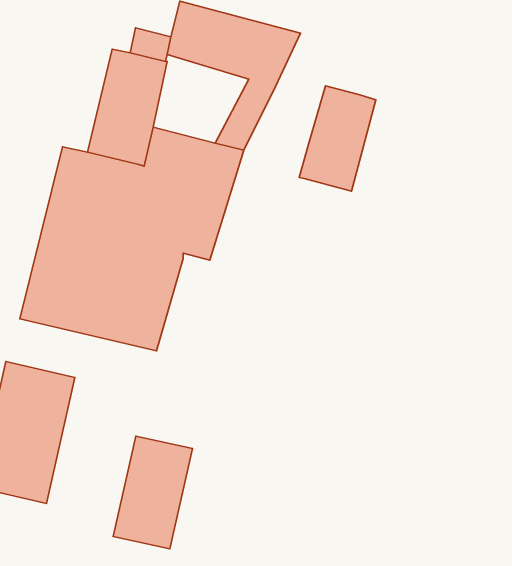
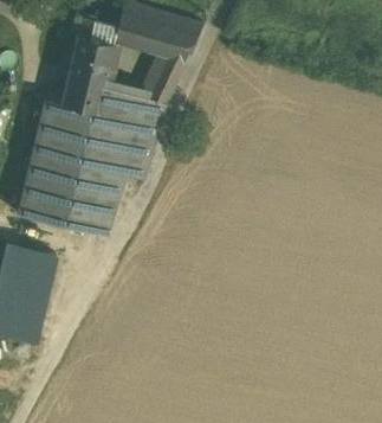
building: [299,86,376,191] -> none
building: [113,436,192,549] -> none

